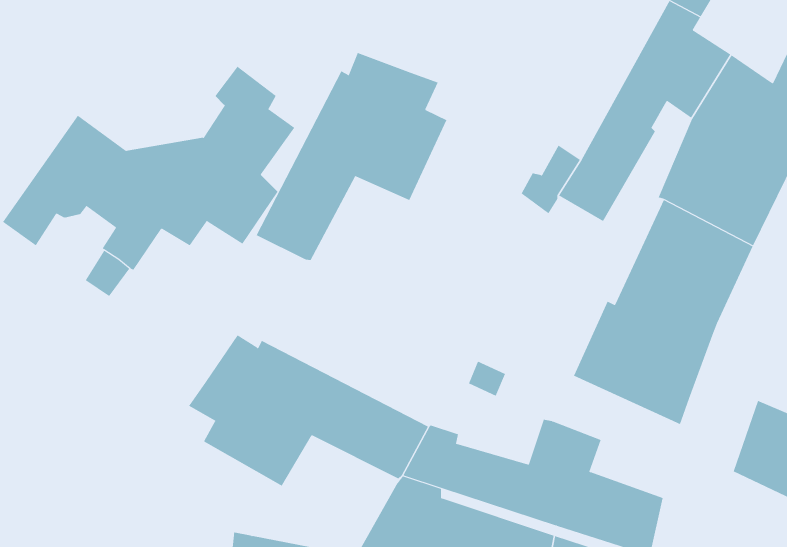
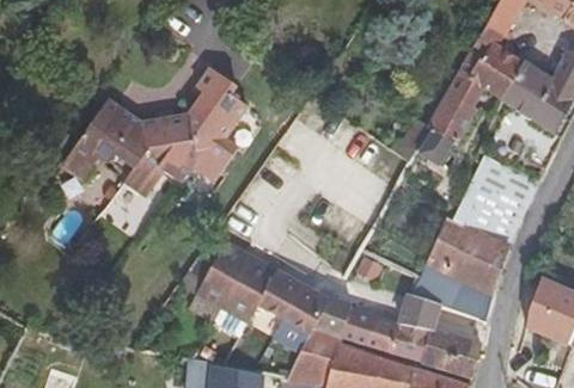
building: [256,52,447,261] -> none
building: none -> [411,265,493,321]

